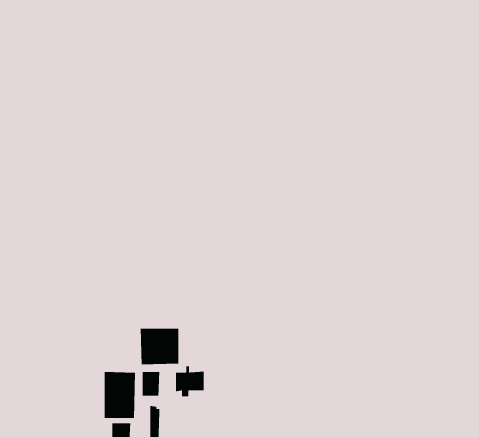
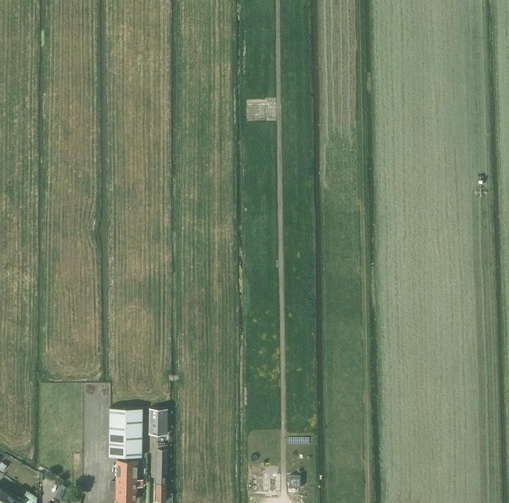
building: [140,328,179,365] -> none
building: [175,366,204,397] -> none

